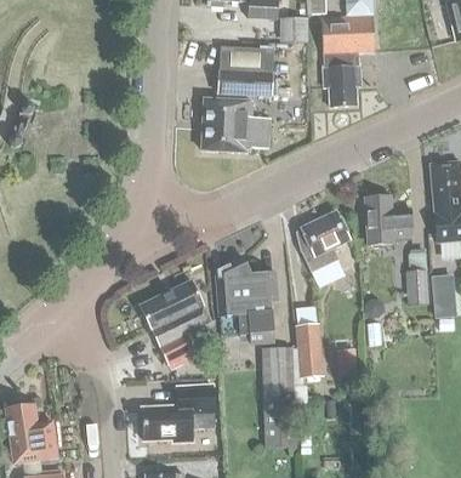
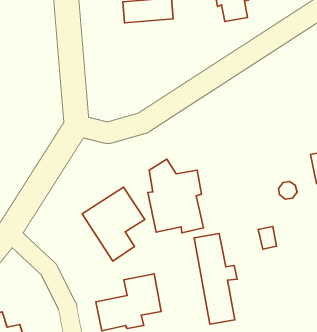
building: [200,96,269,149] -> none
building: [364,194,411,244] -> none
building: [295,210,349,271] -> none
building: [292,321,321,377] -> none

